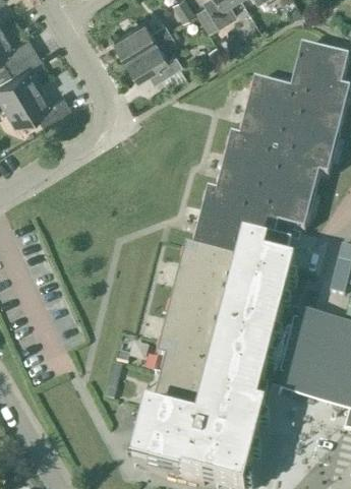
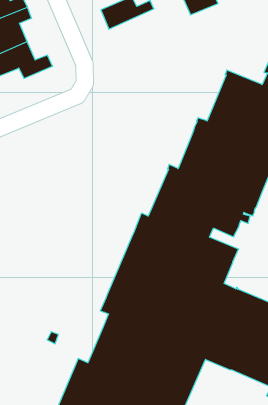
building: [122,27,184,84] -> none

